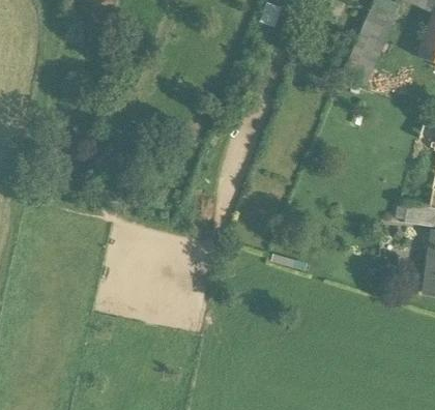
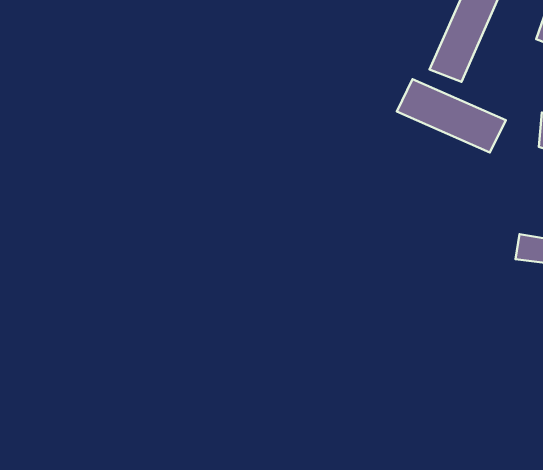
building: none -> [397,79,506,152]

